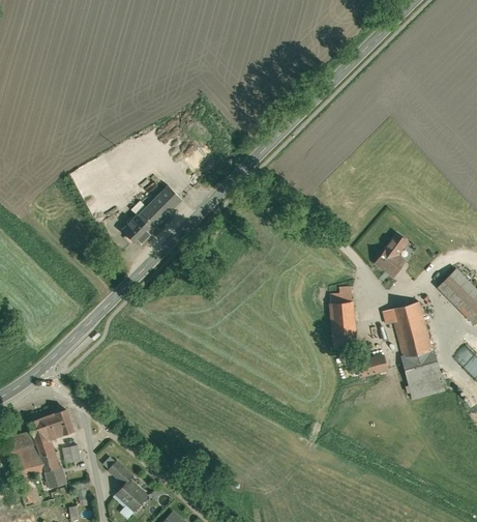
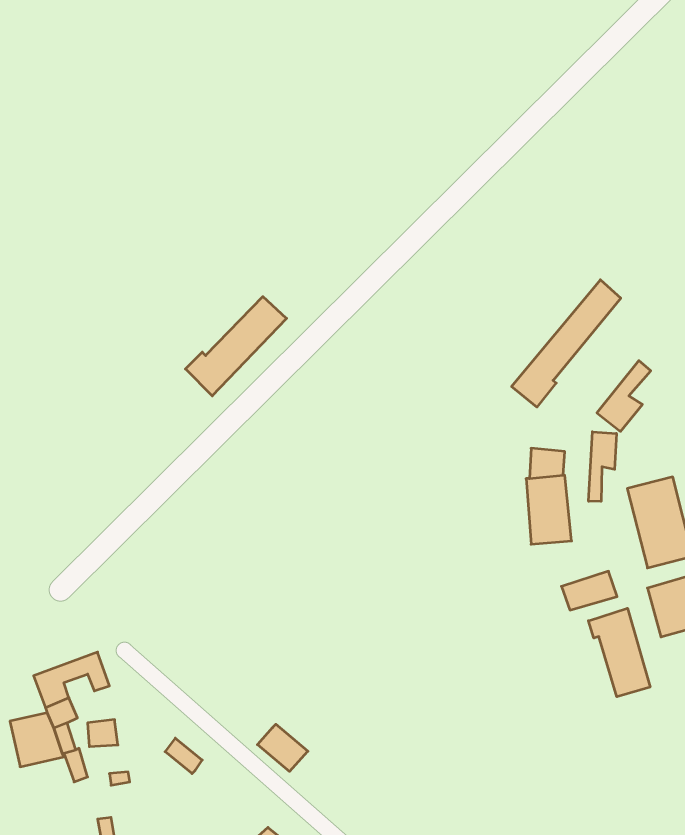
building: none -> [512,280,621,407]
building: none -> [589,432,616,501]
building: none -> [588,608,650,697]
building: [115,481,146,510] -> [257,724,308,771]

